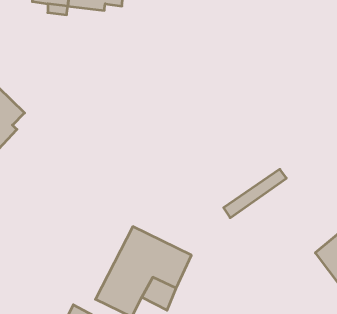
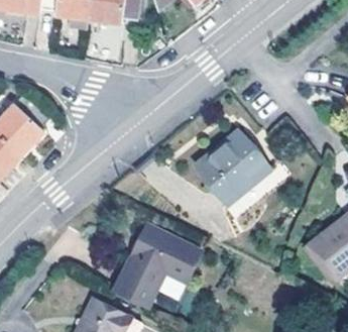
building: none -> [192,129,267,203]

